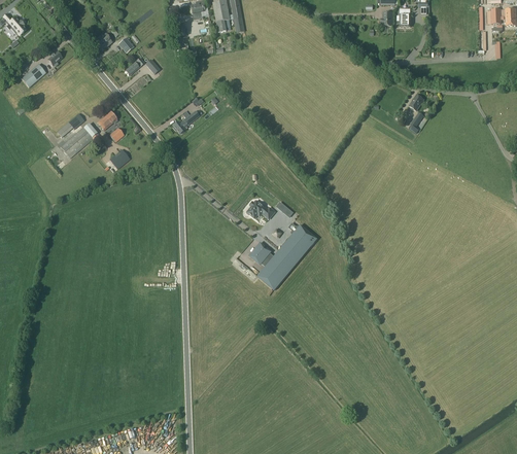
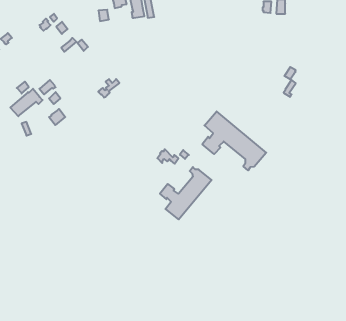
building: none -> [202,111,266,170]

